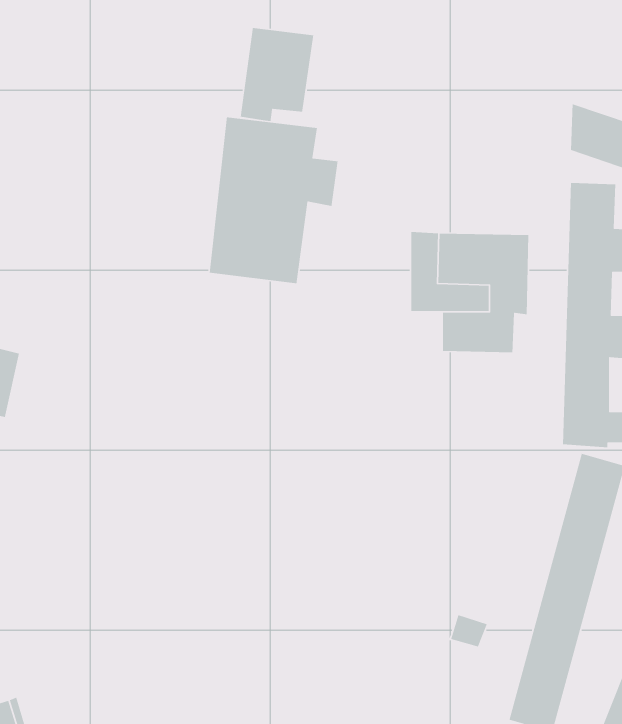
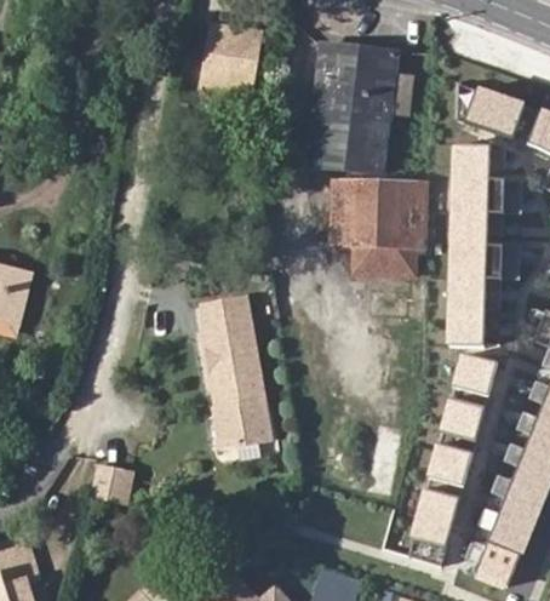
building: [209,117,338,284] -> [311,45,411,173]
building: none -> [205,299,271,446]
building: none -> [93,465,134,503]

